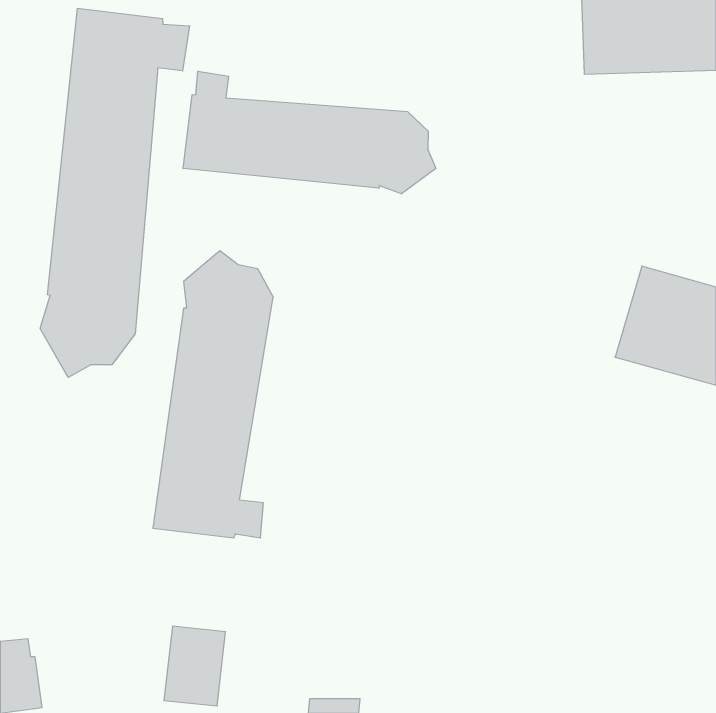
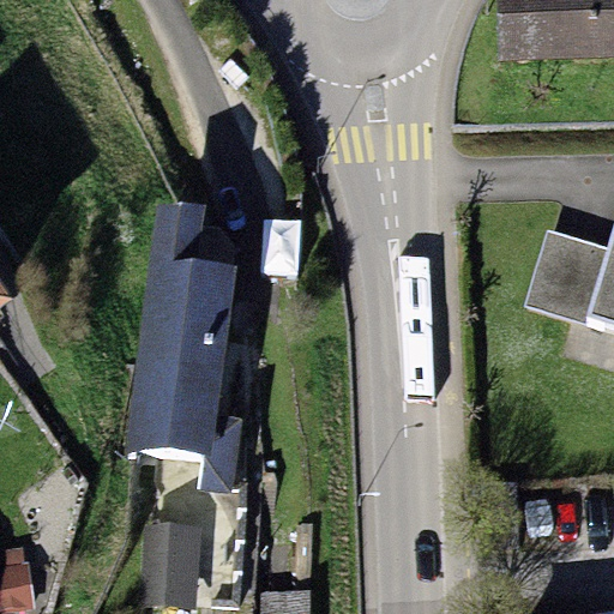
building: [40,8,190,377] -> none
building: [183,71,436,194] -> none

